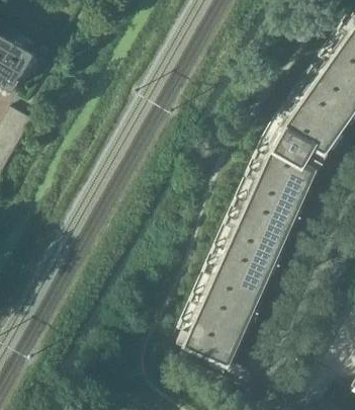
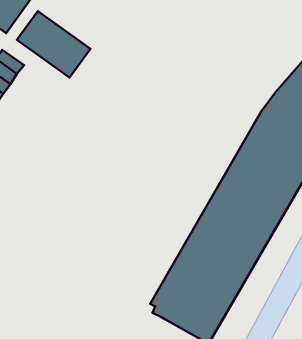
building: none -> [17,11,90,78]

